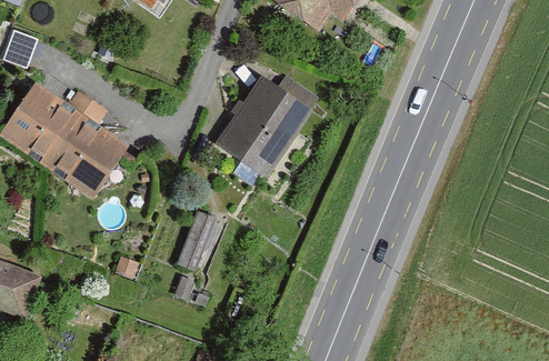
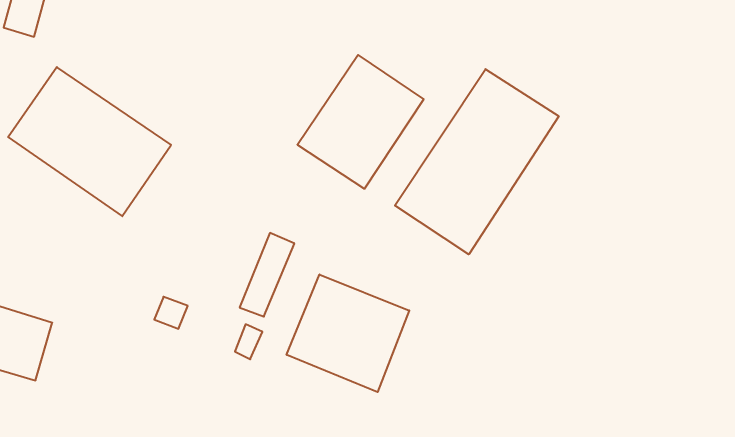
building: none -> [395,69,559,254]
building: none -> [287,274,409,392]

